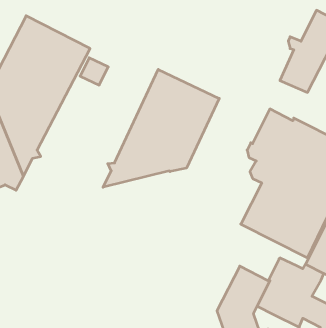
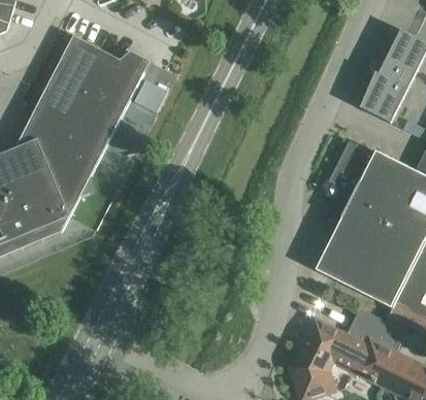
building: [103,69,219,187] -> none

